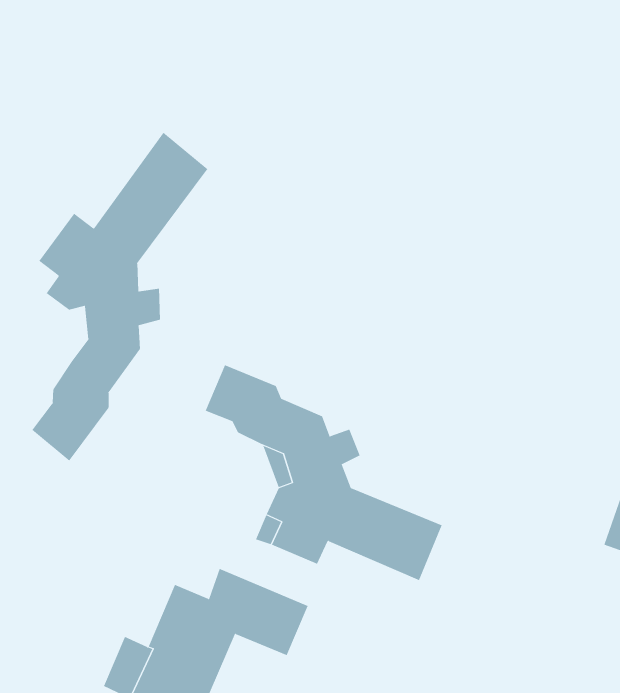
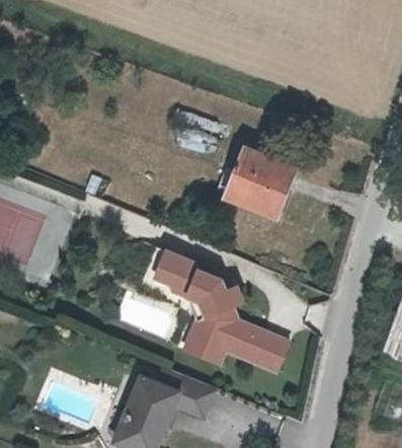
building: [31,132,208,461] -> none
building: none -> [227,147,294,213]

